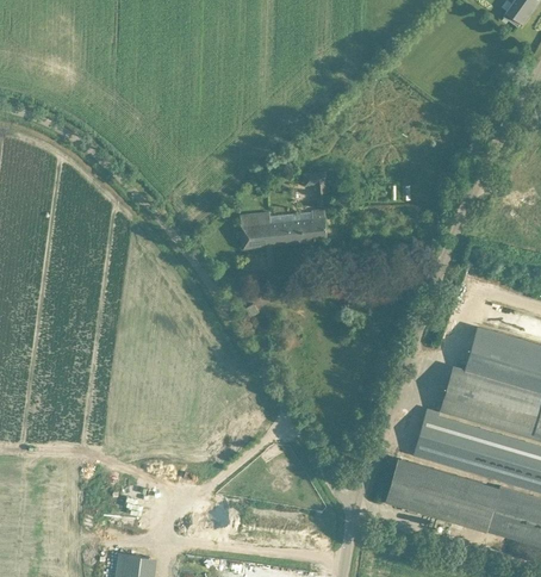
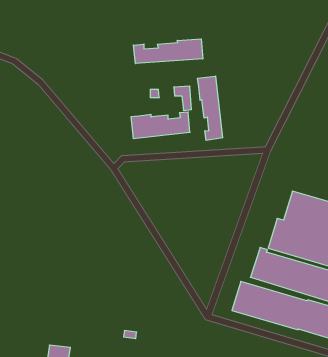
building: none -> [133,39,203,64]
building: none -> [198,76,223,140]

